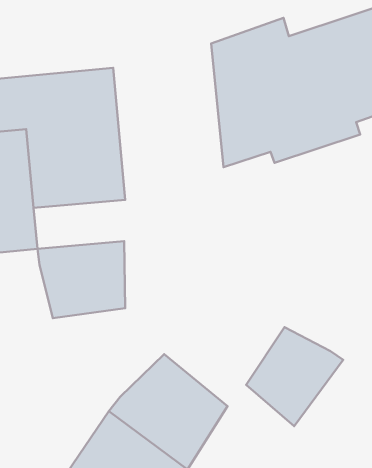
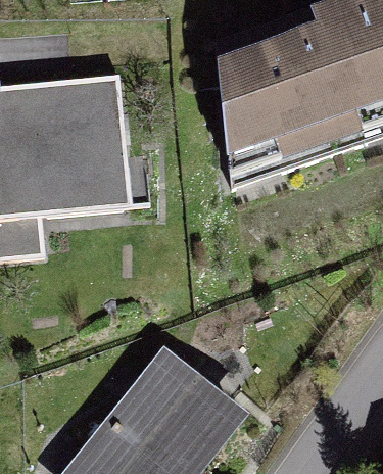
building: [37,241,125,318] -> none
building: [246,327,343,426] -> none

